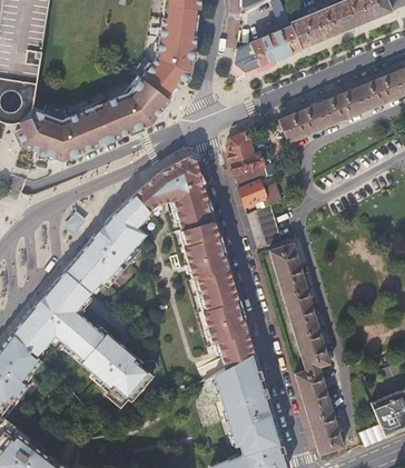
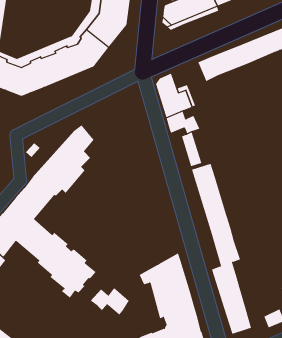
building: [135,158,254,367] -> none
building: none -> [90,287,130,315]

